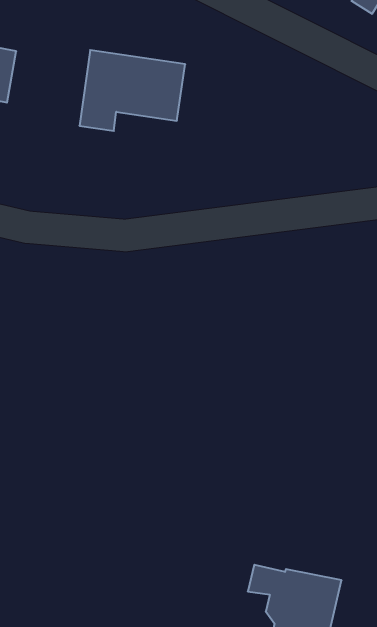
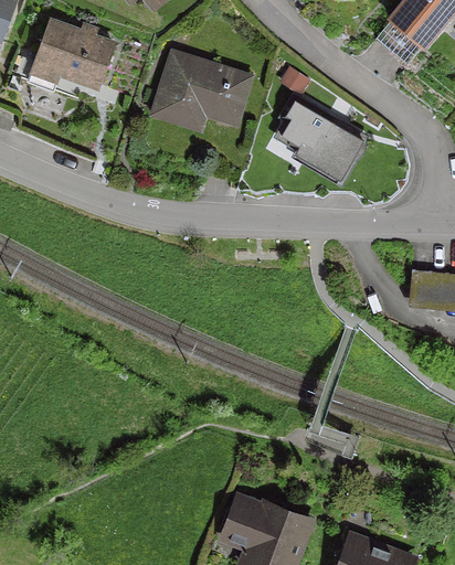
building: none -> [279,99,360,180]

